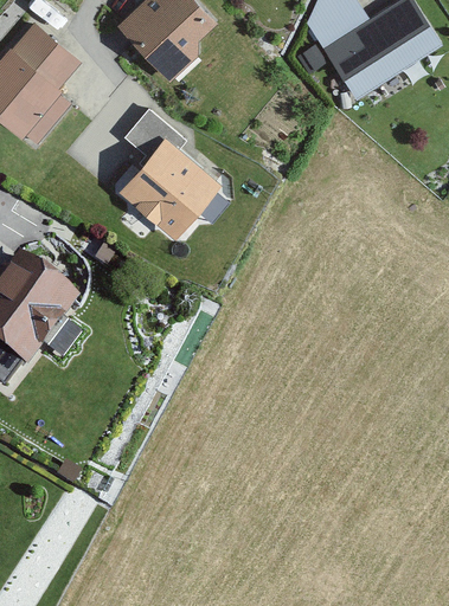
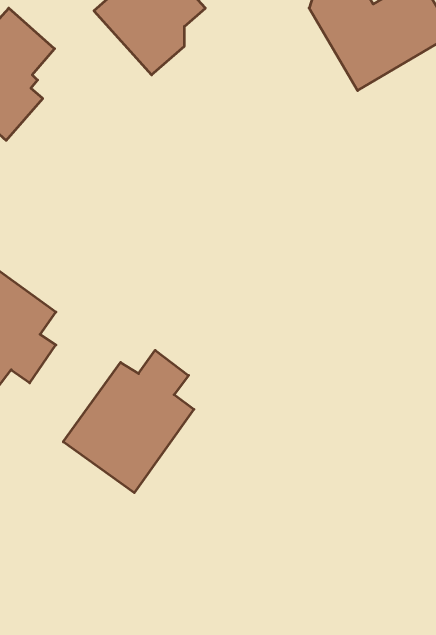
building: [118,109,219,238] -> none
building: none -> [63,350,194,493]

